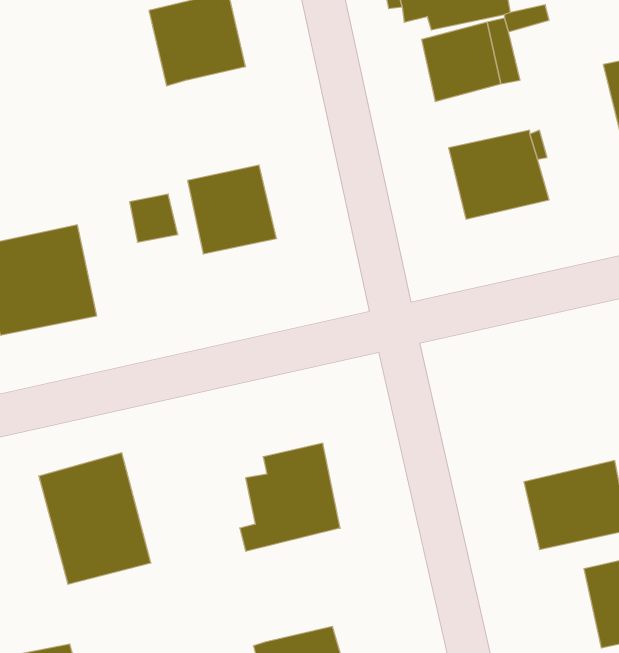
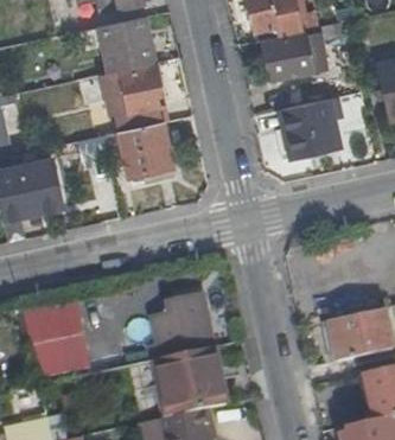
building: none -> [100,68,170,133]
building: none -> [155,345,227,415]

